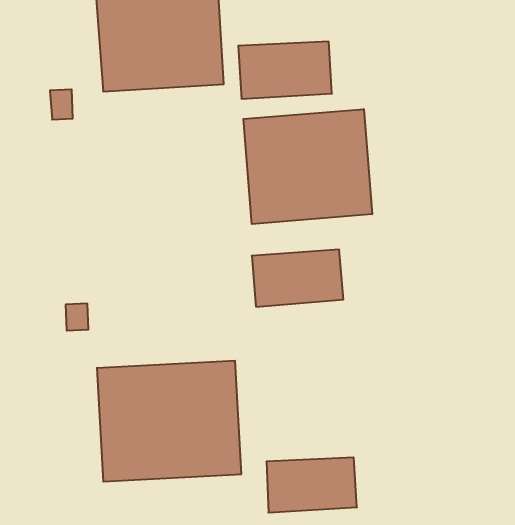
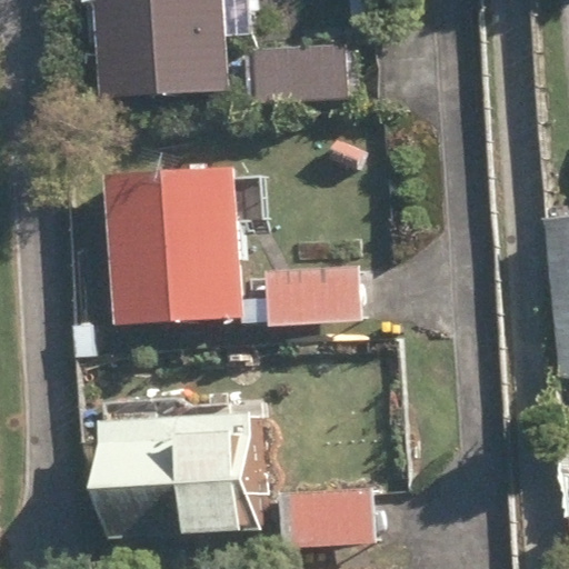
building: [243,109,372,224] -> none
building: none -> [113,170,252,325]

